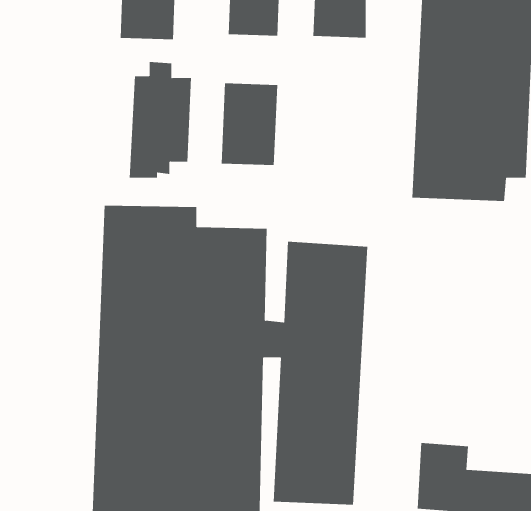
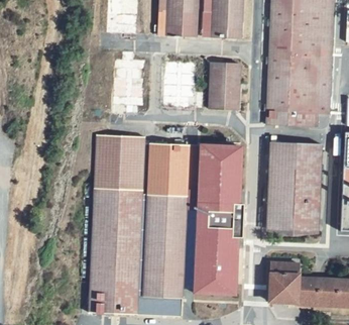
building: none -> [209,62,241,109]
building: none -> [266,141,323,232]

